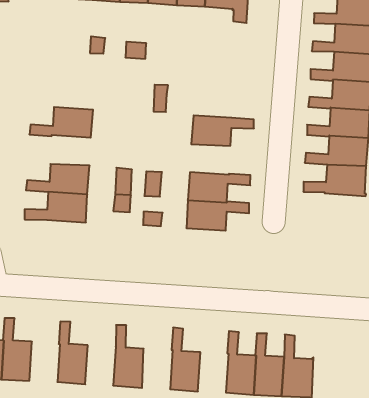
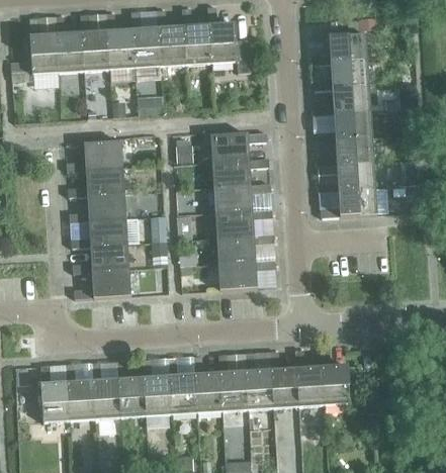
building: none -> [65,140,121,171]
building: none -> [209,131,266,161]
building: none -> [68,192,124,221]
building: none -> [213,183,269,212]
building: none -> [73,269,129,298]
building: none -> [218,259,274,289]
building: none -> [90,362,119,417]
building: none -> [141,359,170,414]
building: none -> [192,355,221,411]
building: none -> [243,352,272,408]

